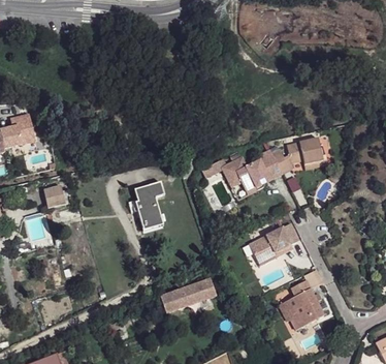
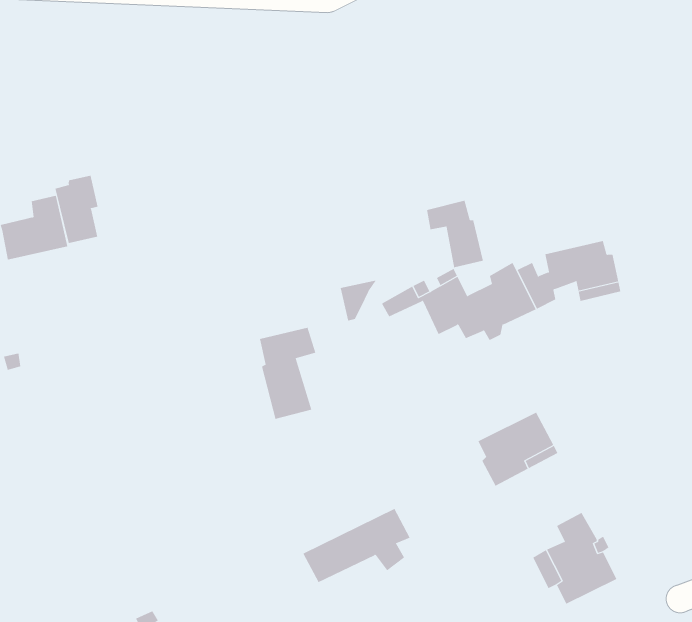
building: none -> [55,175,98,244]
building: none -> [426,200,483,268]
building: [45,186,71,208] -> none

